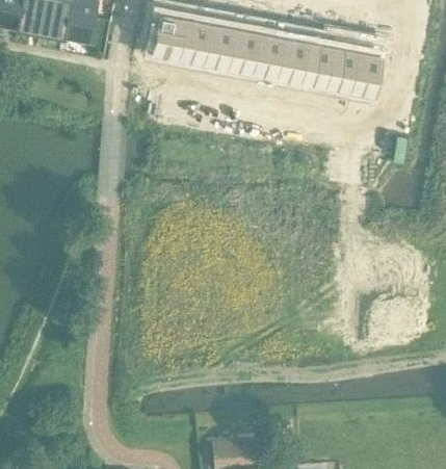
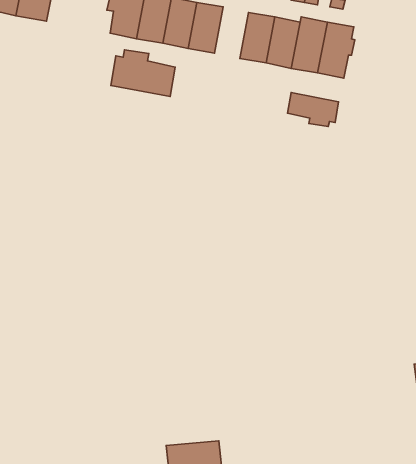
building: [251,29,283,78] -> none
building: none -> [111,50,175,97]
building: none -> [288,92,339,127]

